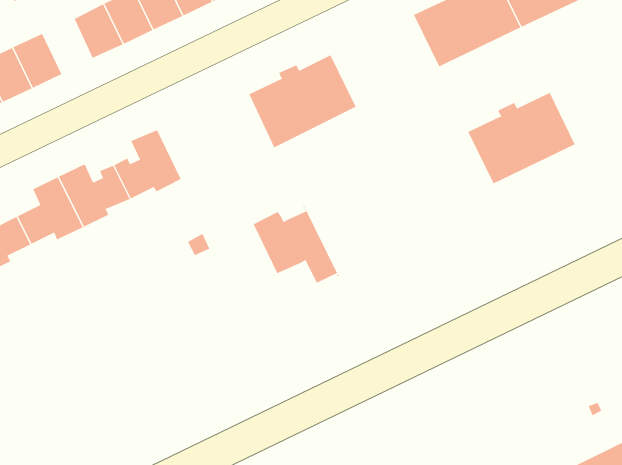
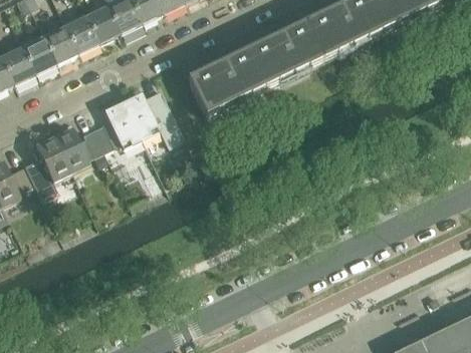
building: none -> [42,26,77,65]
building: [468,92,576,184] -> [246,23,322,88]
building: [253,204,339,284] -> [124,90,185,146]

